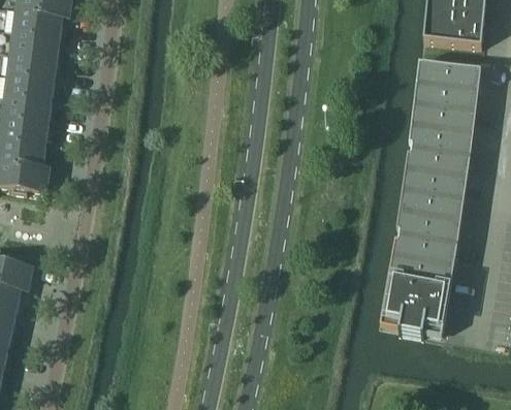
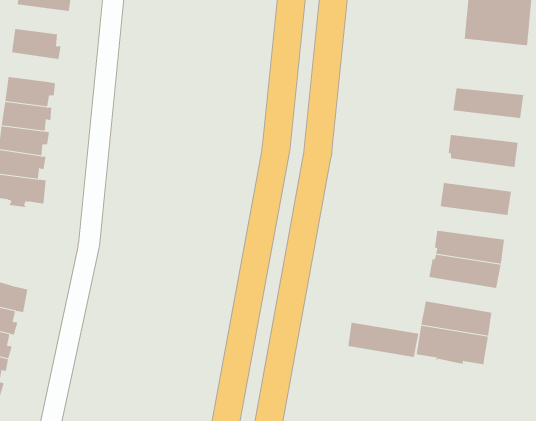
building: [17,6,61,33] -> none
building: [10,50,57,76] -> none
building: [416,59,481,88] -> none
building: [411,102,475,131] -> none
building: [405,146,470,176] -> none
building: [398,189,464,219] -> none
building: [388,253,453,285] -> [347,322,419,358]

